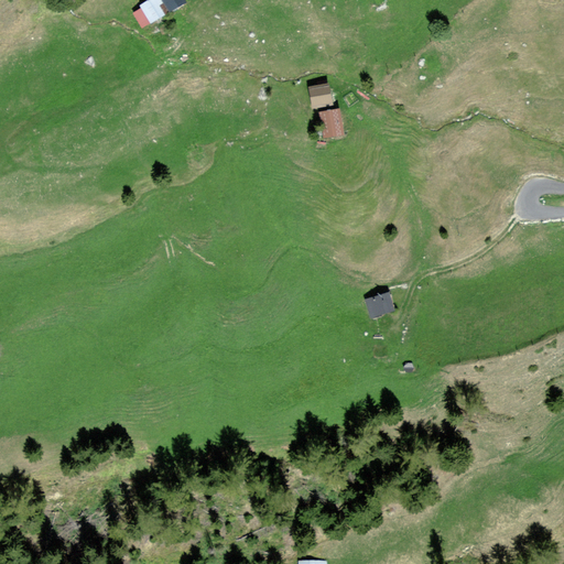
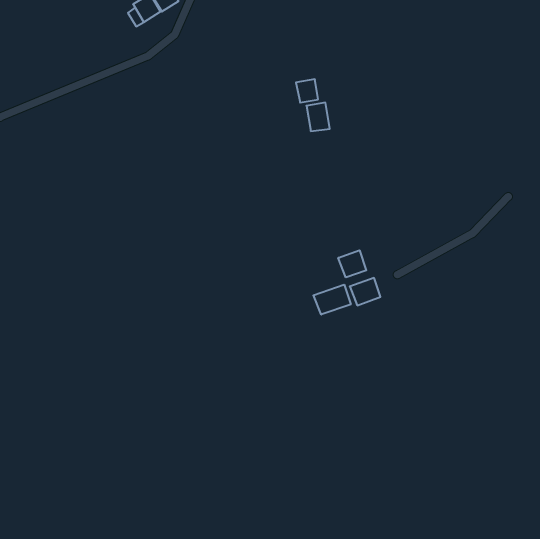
building: none -> [338,250,366,277]
building: none -> [313,285,351,315]

